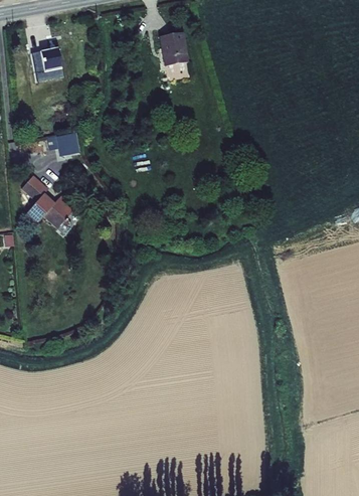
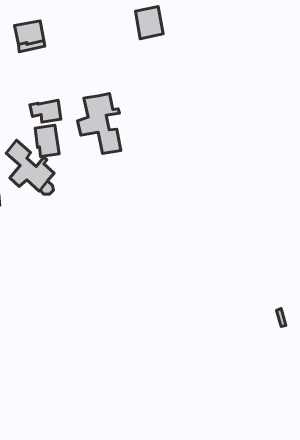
building: none -> [78,93,121,153]
building: none -> [35,125,59,156]

